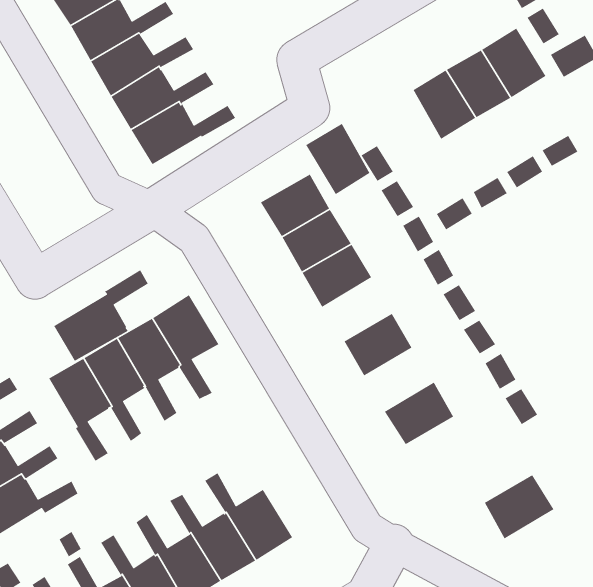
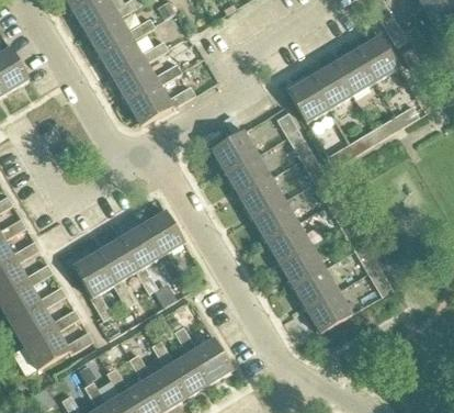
building: [305,123,371,195] -> [287,76,330,123]
building: [53,269,149,362] -> none
building: none -> [252,199,298,241]
building: none -> [280,245,326,287]
building: [484,474,554,540] -> [307,290,353,333]

